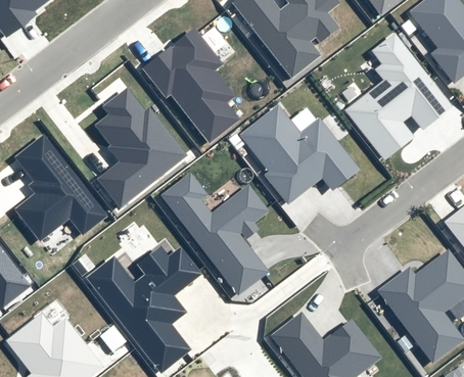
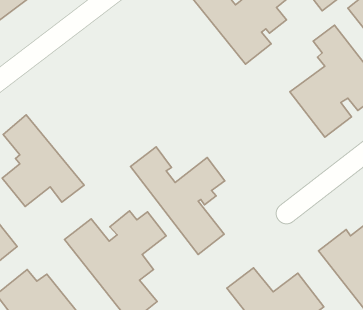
building: [143,29,239,141] -> none
building: [93,87,187,208] -> none
building: [239,104,359,204] -> none

